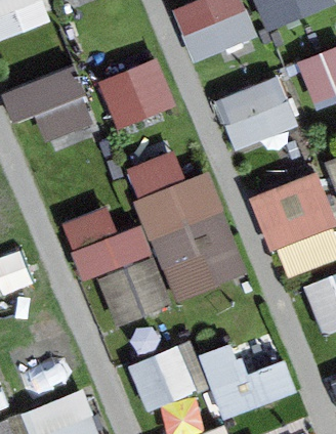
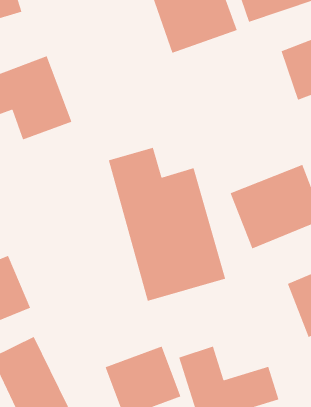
building: [97,57,177,131] -> none
building: [215,75,297,149] -> none
building: [64,203,158,321] -> none

